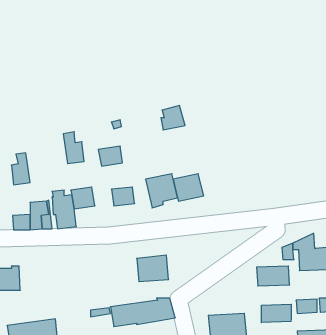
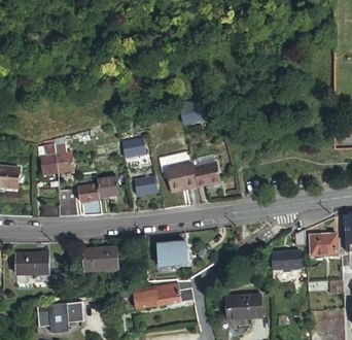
building: [63,132,84,164] -> [55,142,74,172]
building: none -> [83,246,118,270]
building: [261,304,291,323] -> none

